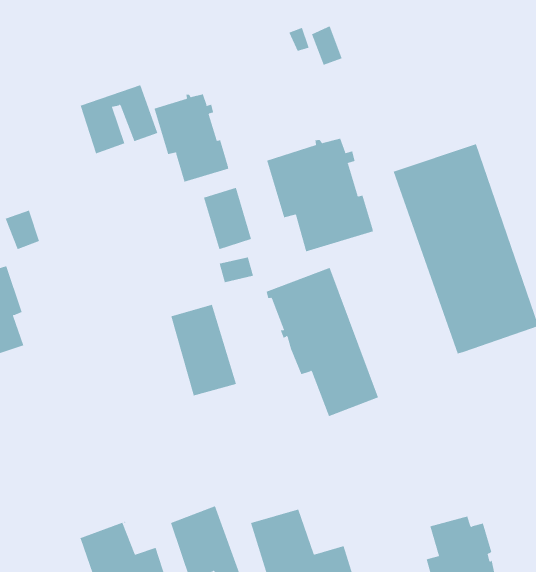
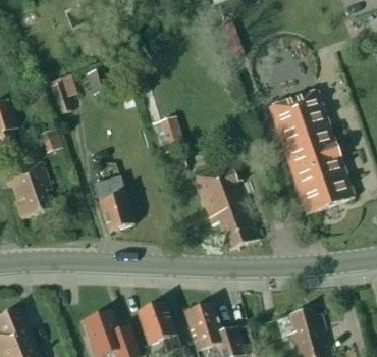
building: [154,94,229,183] -> none
building: none -> [50,72,77,113]
building: [266,138,373,252] -> none
building: [171,304,237,396] -> [95,176,133,231]

